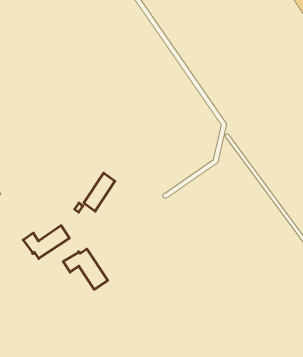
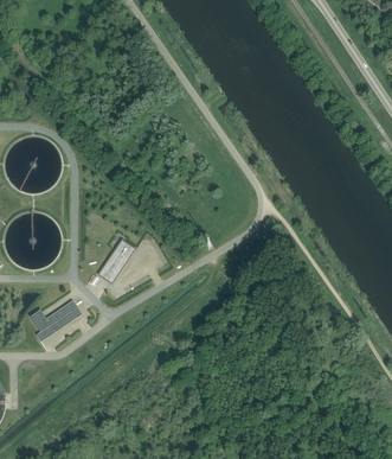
building: [63,249,108,289] -> none

